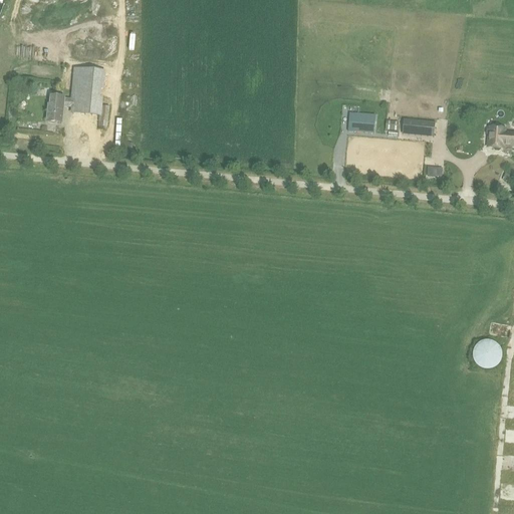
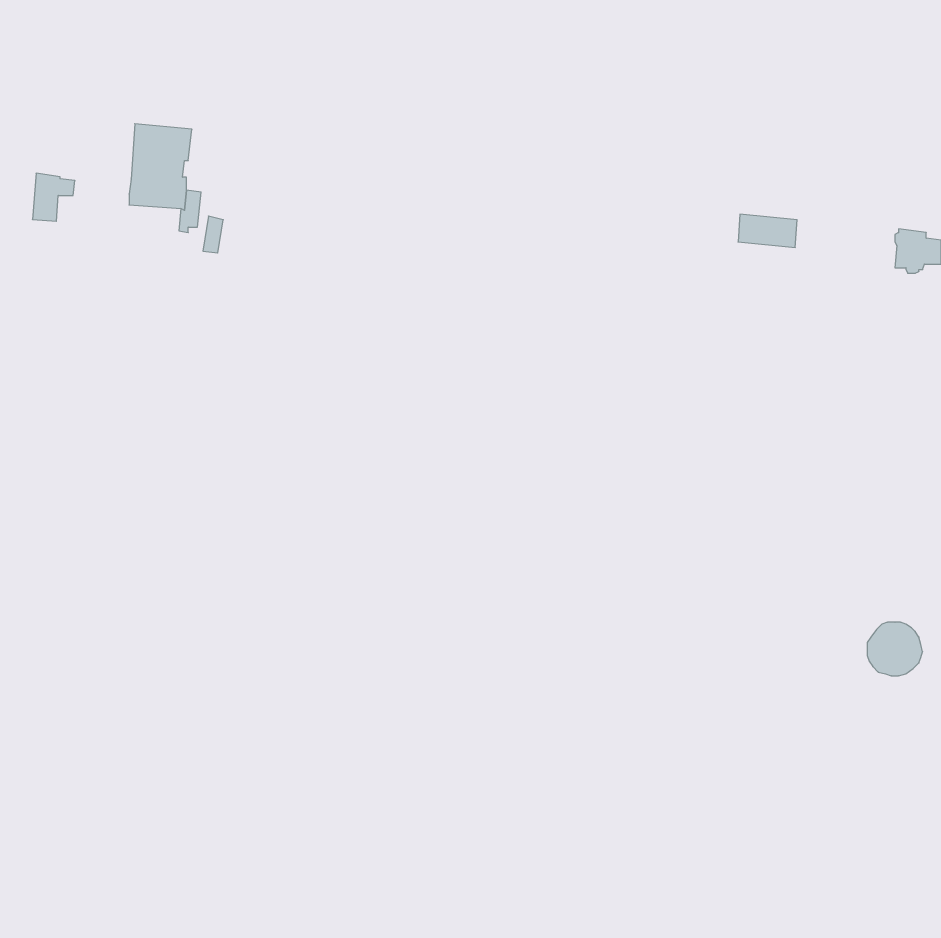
building: [48,93,71,119] -> [32,173,75,221]
building: [347,111,374,132] -> none

